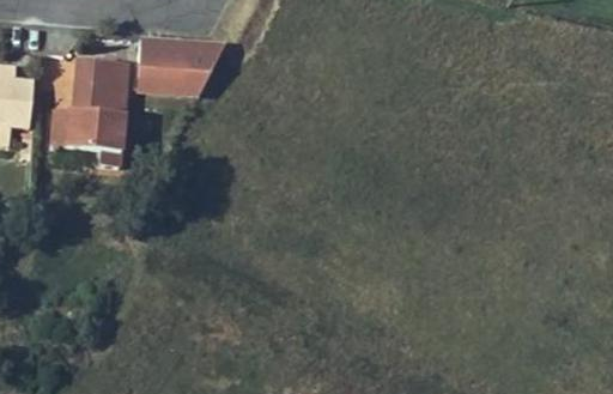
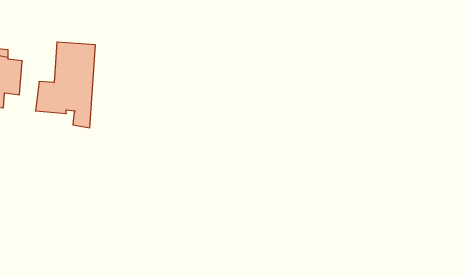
building: [133,31,212,95] -> none

